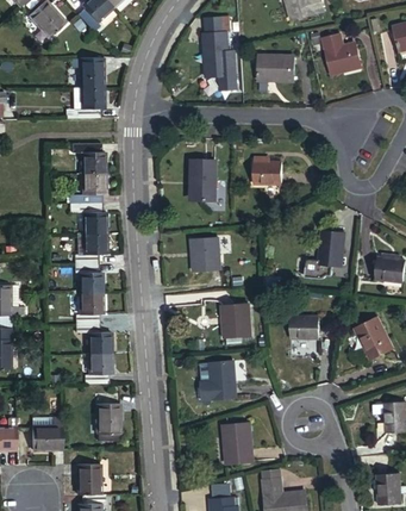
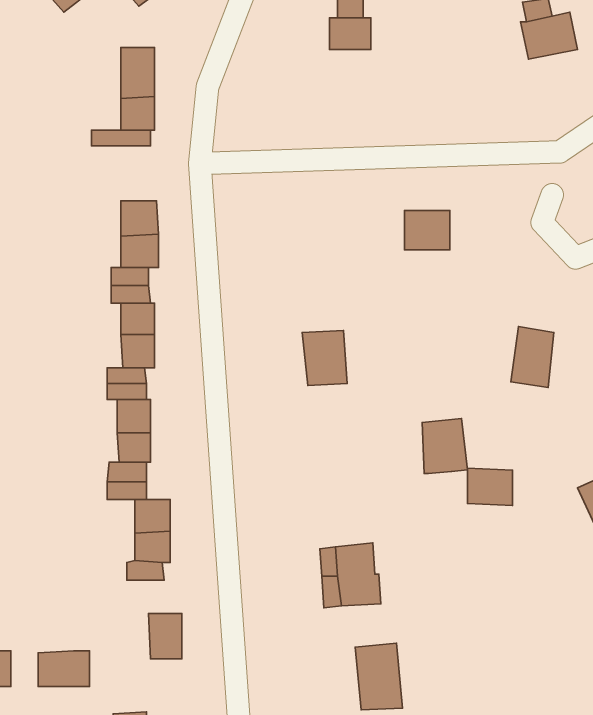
building: [257,54,292,77] -> none
building: [212,61,231,92] -> none
building: [193,162,216,201] -> none
building: [216,303,243,336] -> [422,419,467,474]

